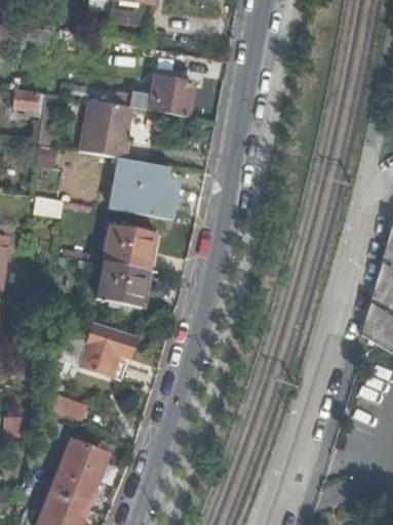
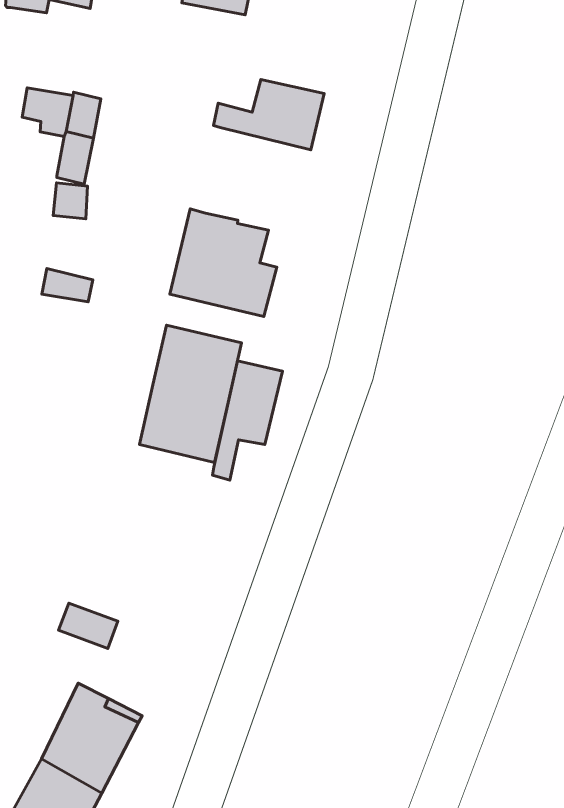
building: [82,99,135,158] -> none
building: none -> [212,361,283,480]
building: [79,325,134,376] -> none

